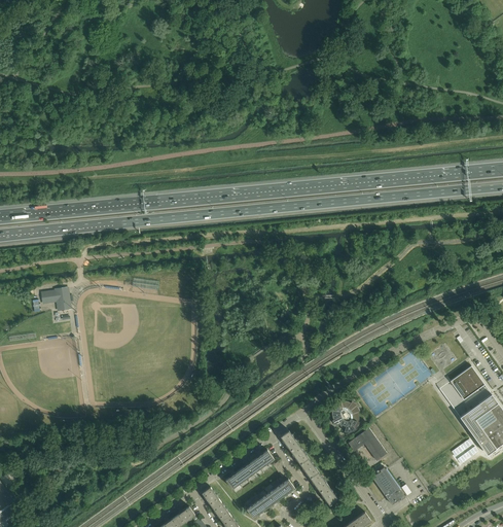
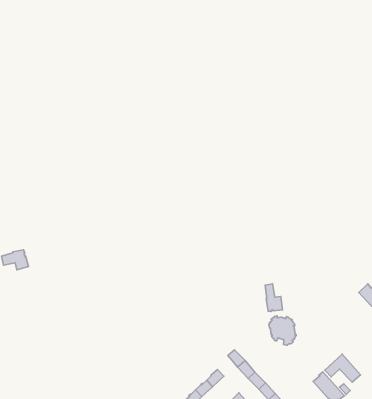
building: none -> [265,284,282,311]
building: [347,427,386,460] -> [325,354,360,382]

